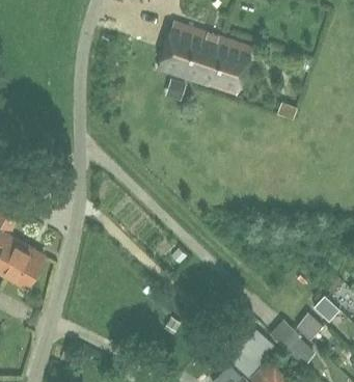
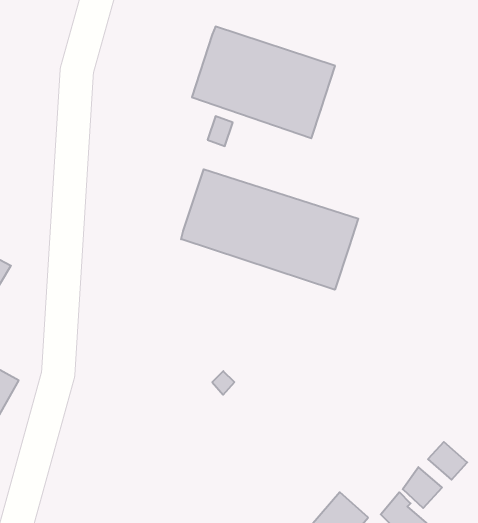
building: none -> [181,169,358,290]

